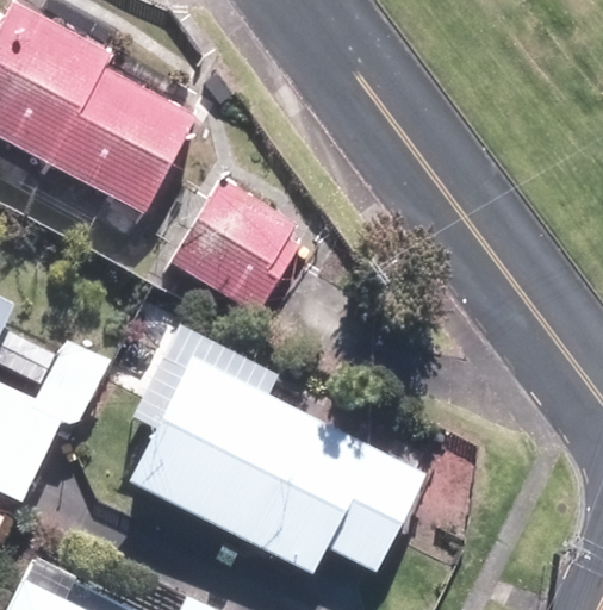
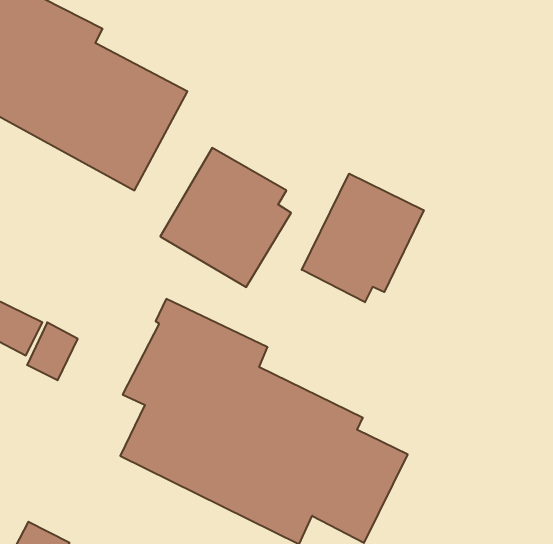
building: none -> [302,174,424,302]

